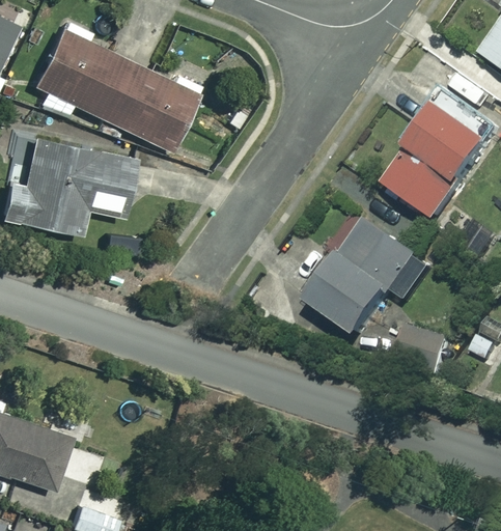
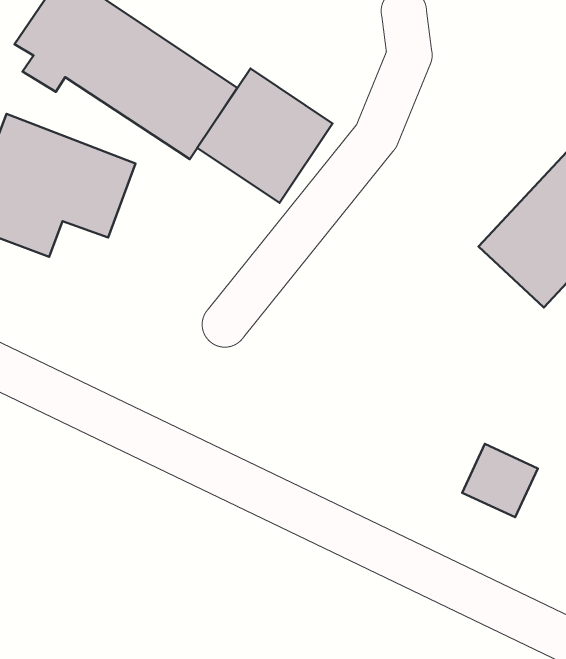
building: none -> [197,69,333,203]
building: [307,224,421,340] -> none

